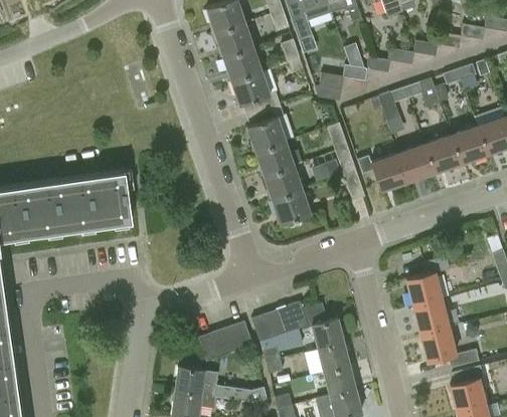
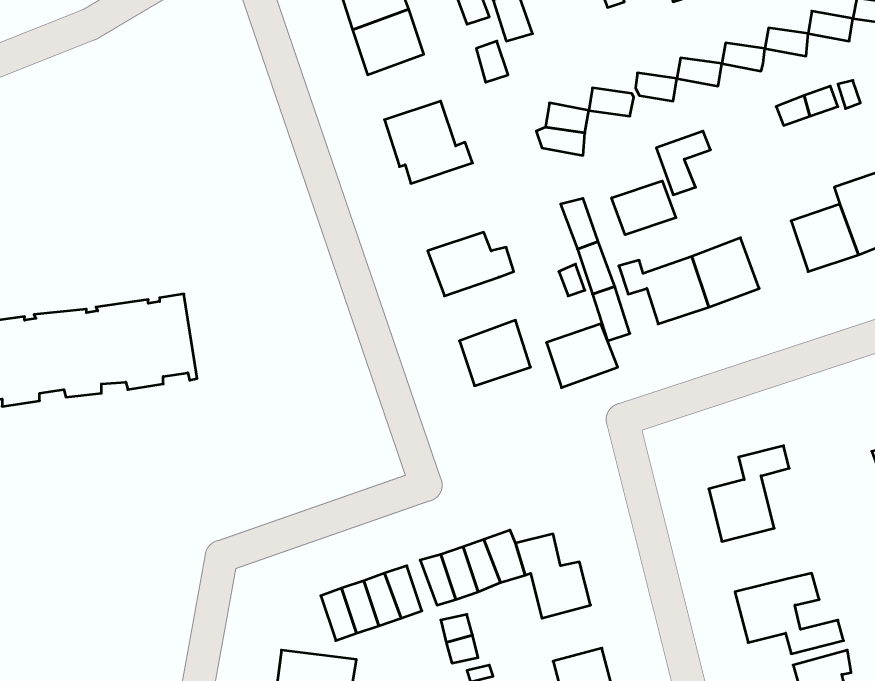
building: [223,47,263,82] -> none
building: [403,78,440,110] -> none
building: [246,106,286,153] -> none
building: none -> [612,181,676,235]
building: [424,137,460,173] -> none
building: [265,167,303,201] -> [546,324,618,388]
building: [413,301,449,336] -> none
building: [317,343,349,373] -> none

